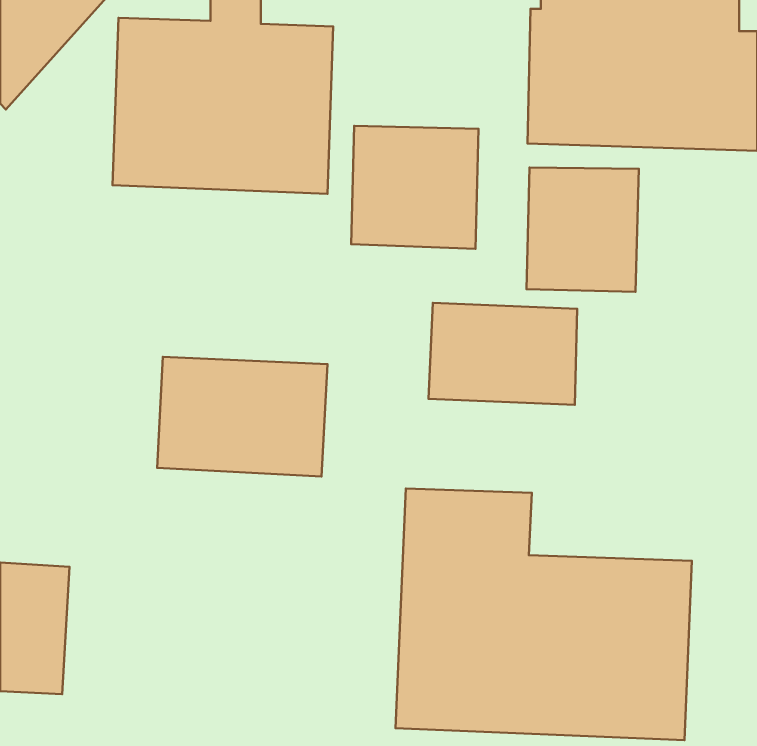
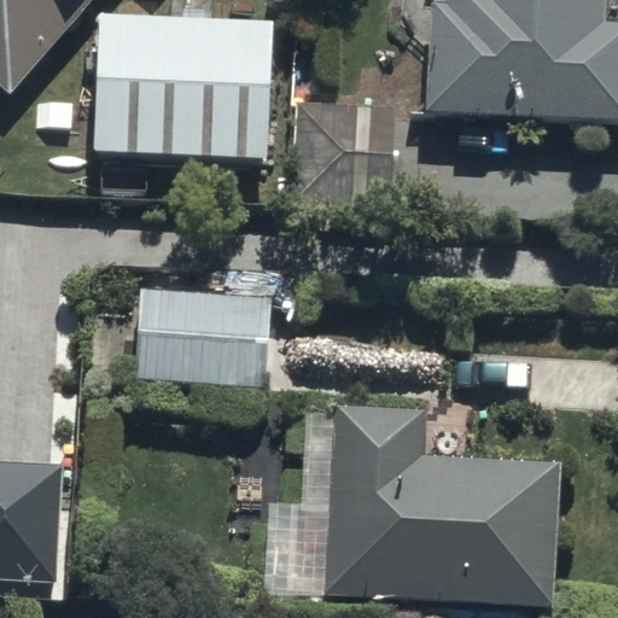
building: [527,167,639,292] -> none
building: [429,303,577,405] -> none

